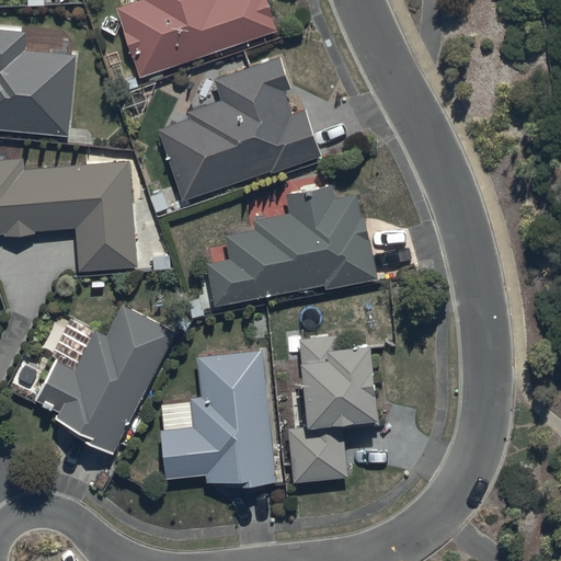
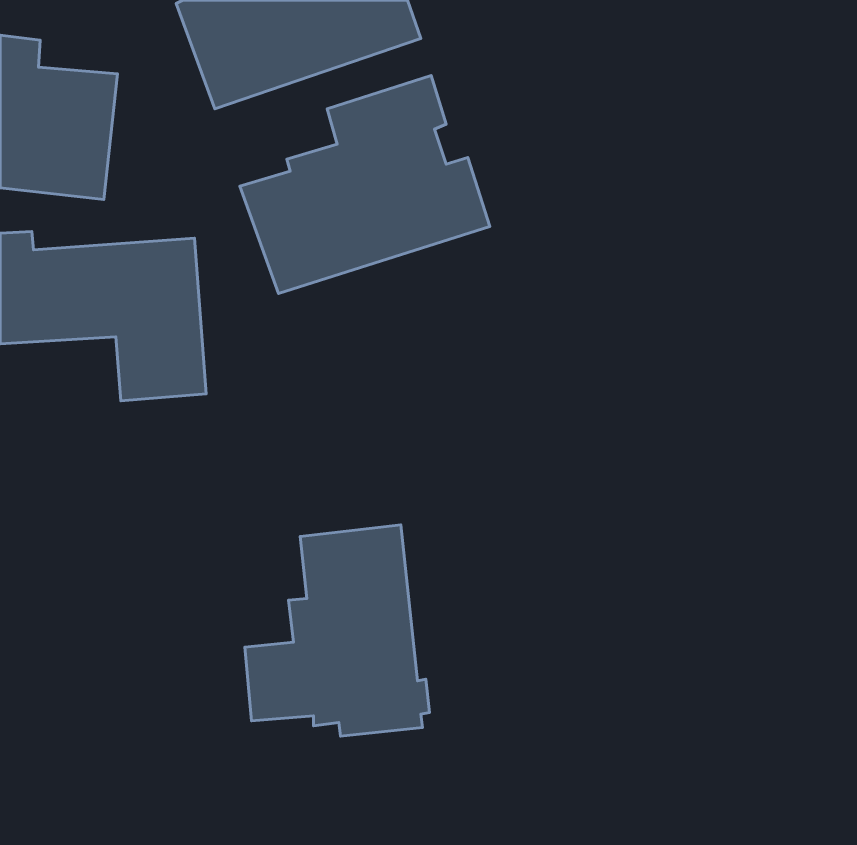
building: [206,186,377,306] -> none
building: [34,305,172,451] -> none
building: [287,336,377,483] -> none

